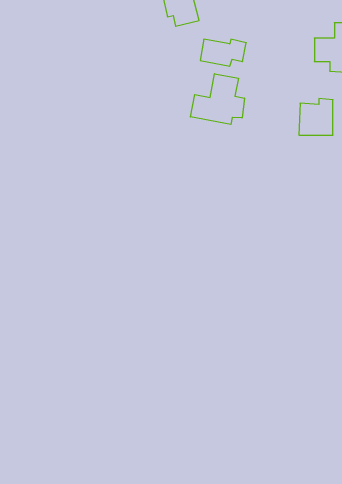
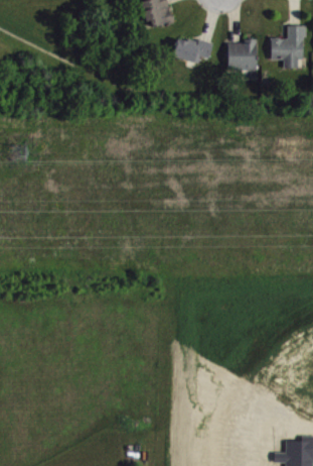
building: [190,74,244,124] -> none
building: [299,99,333,135] -> [227,38,257,70]

